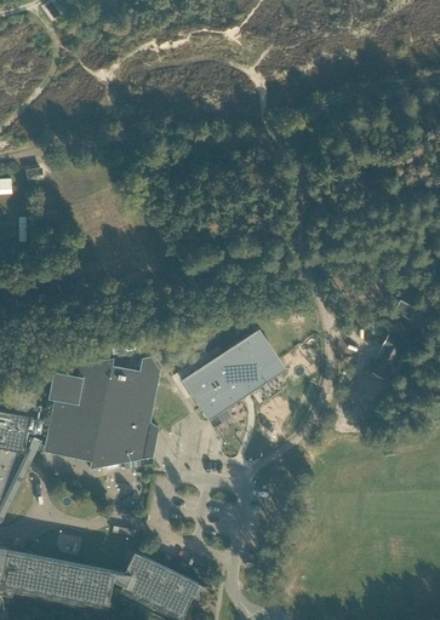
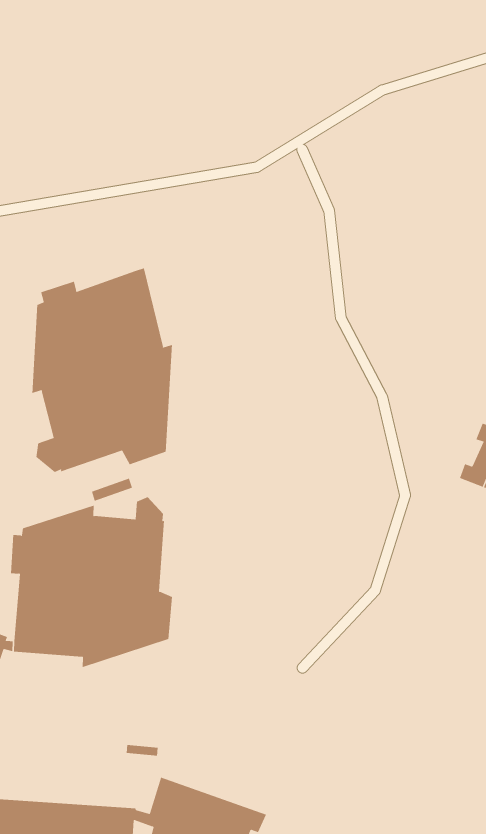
building: none -> [32,268,173,473]
building: [182,331,281,420] -> none

